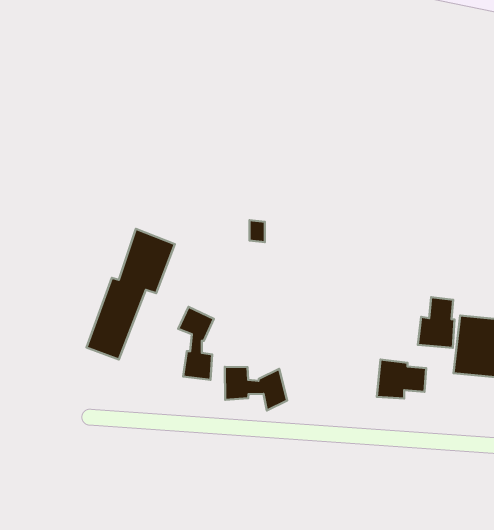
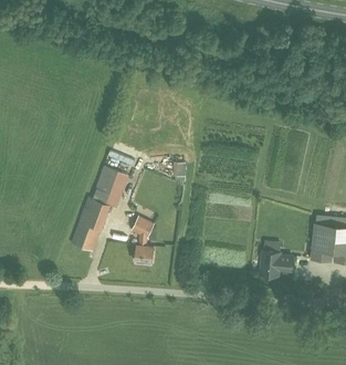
building: [418,297,455,348] -> none
building: [225,367,287,411] -> none

